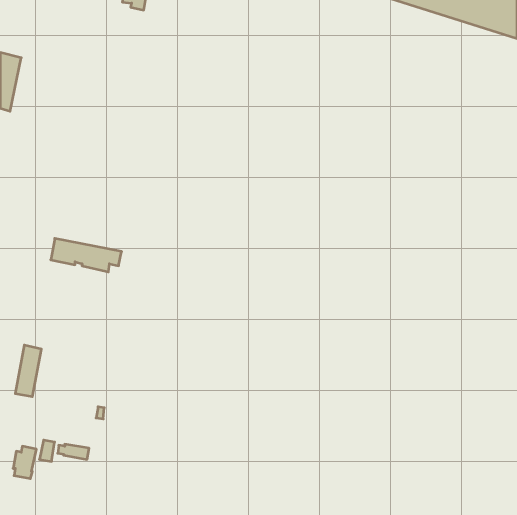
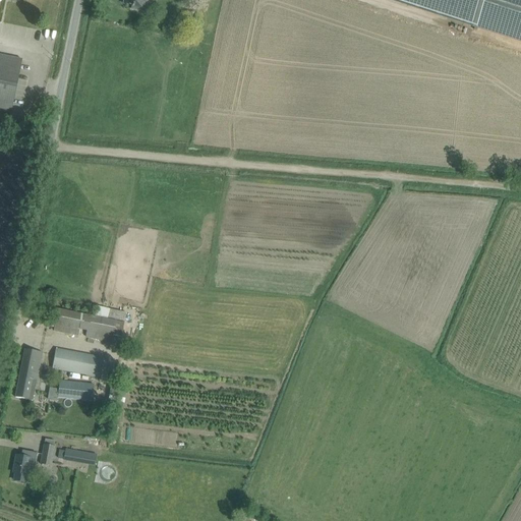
building: [51,238,122,272] -> [54,307,125,341]
building: none -> [53,347,103,375]
building: none -> [48,379,94,402]

